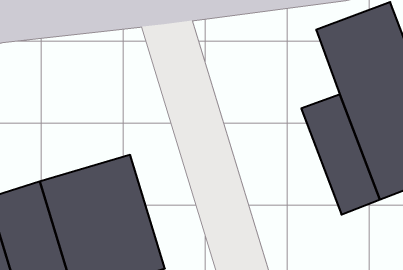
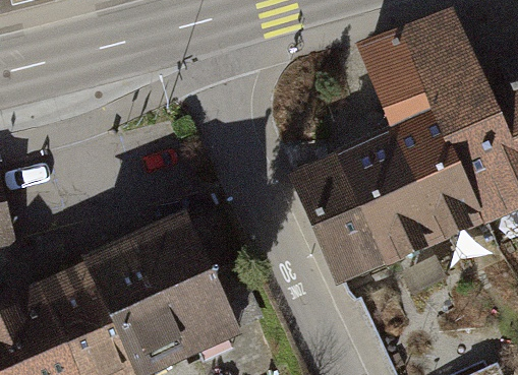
building: none -> [285,139,418,290]

